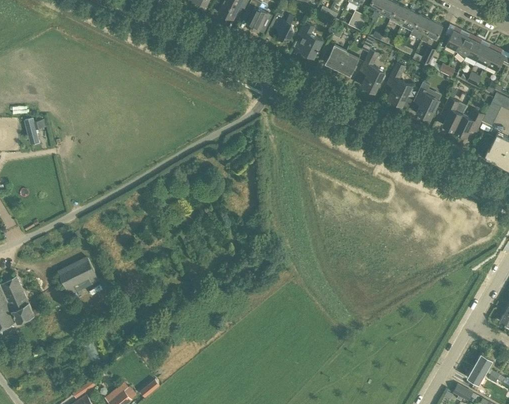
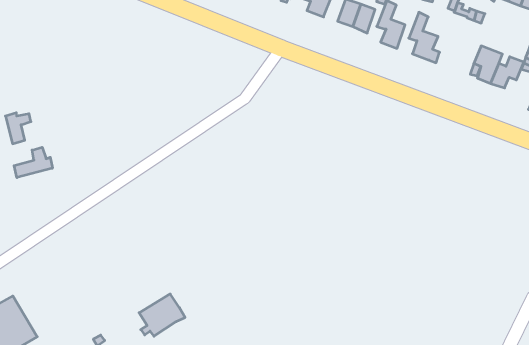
building: [415,88,439,119] -> none
building: none -> [14,147,52,178]
building: [59,259,99,295] -> [139,294,185,336]

